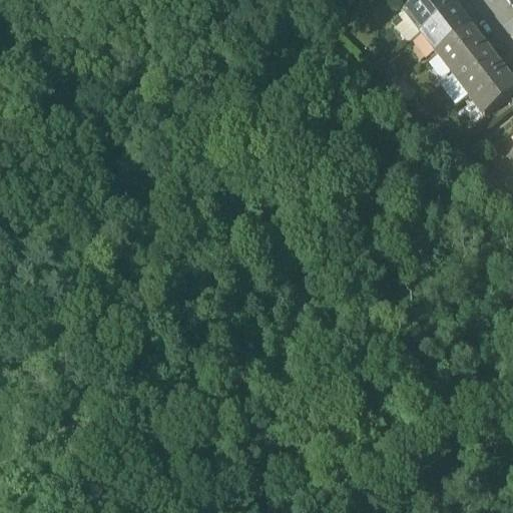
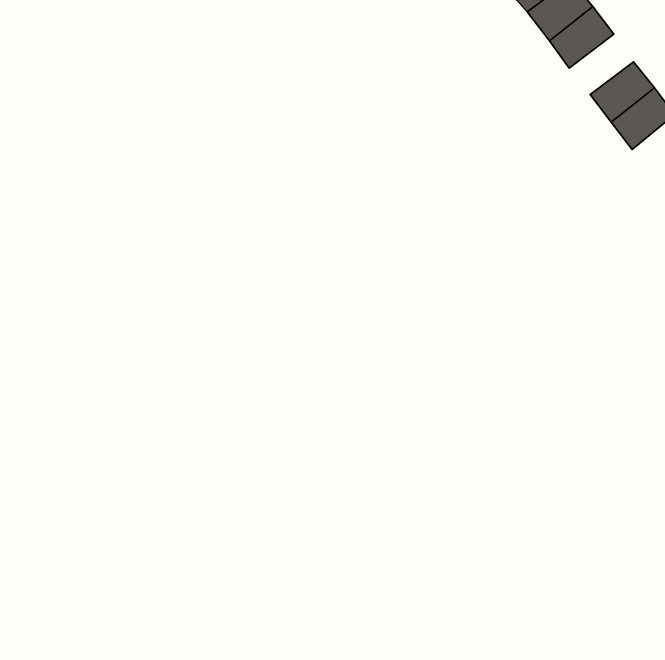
building: [439,26,488,72] -> none

